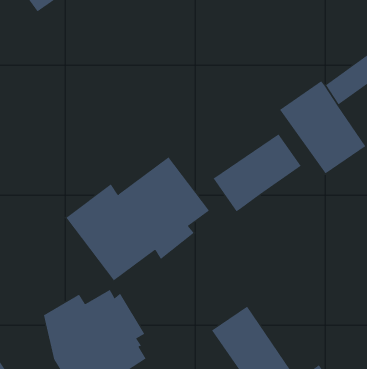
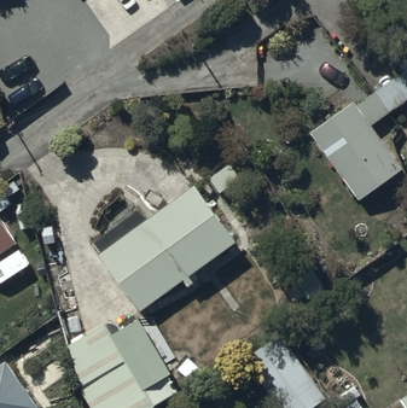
building: [213,134,302,212] -> none

